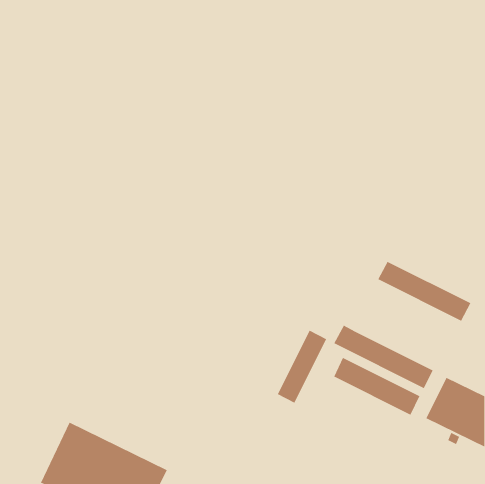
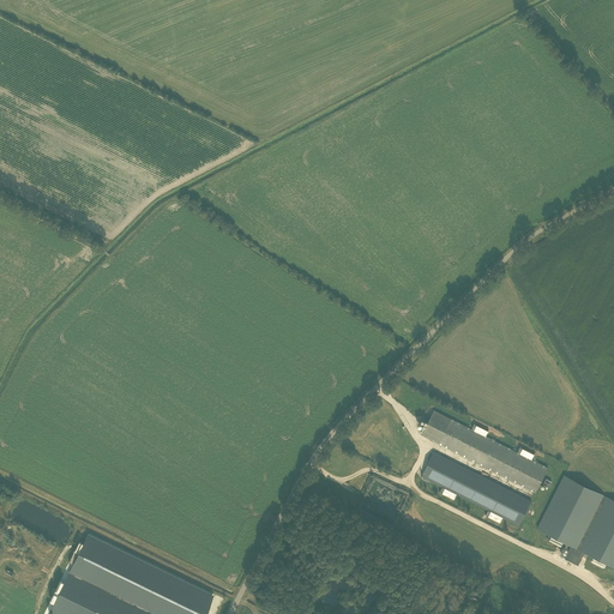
building: [377,261,471,322] -> none
building: [277,329,327,404] -> none

